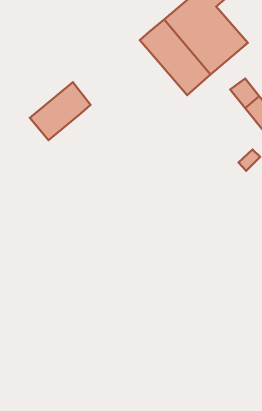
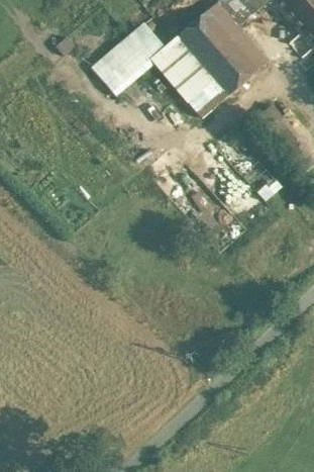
building: [30,82,91,140] -> [97,24,163,87]

